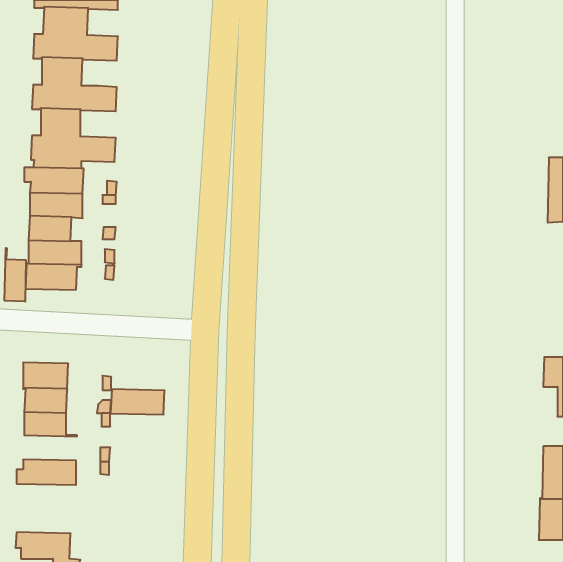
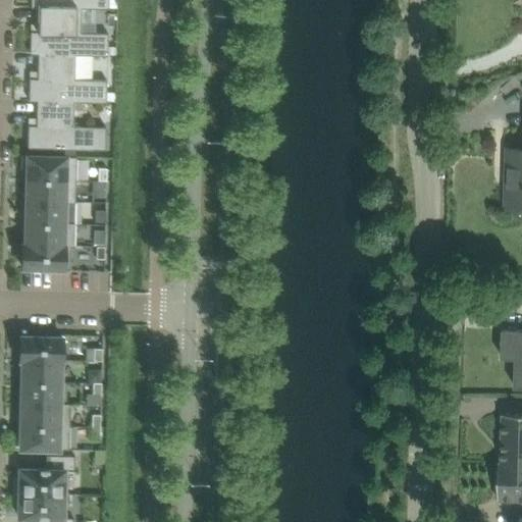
building: [5,248,26,302] -> none
building: [111,389,165,415] -> [21,404,71,427]
building: none -> [15,456,75,494]

